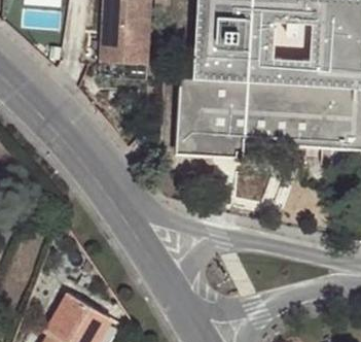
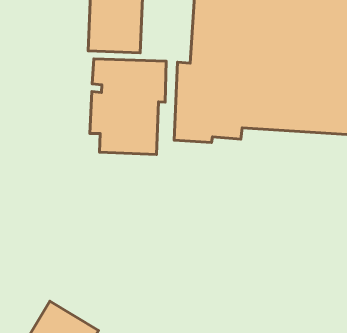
building: none -> [90,59,166,155]

